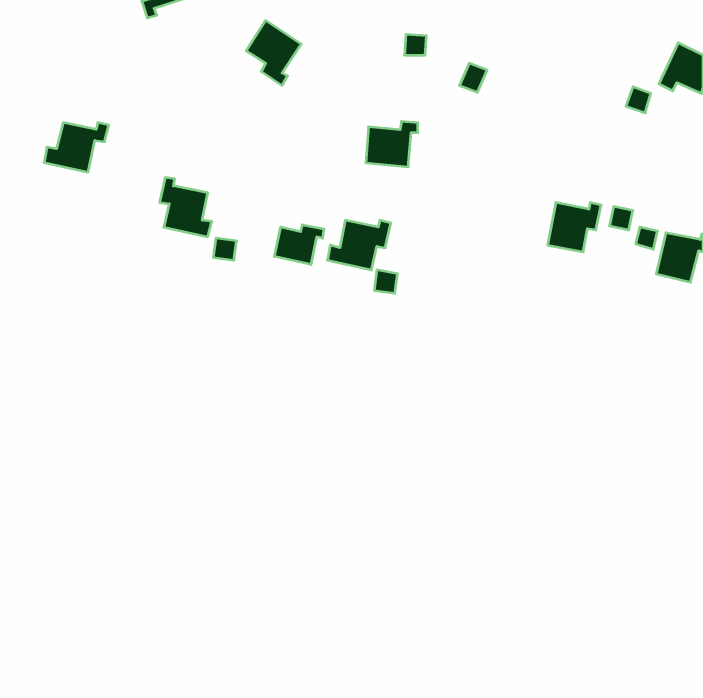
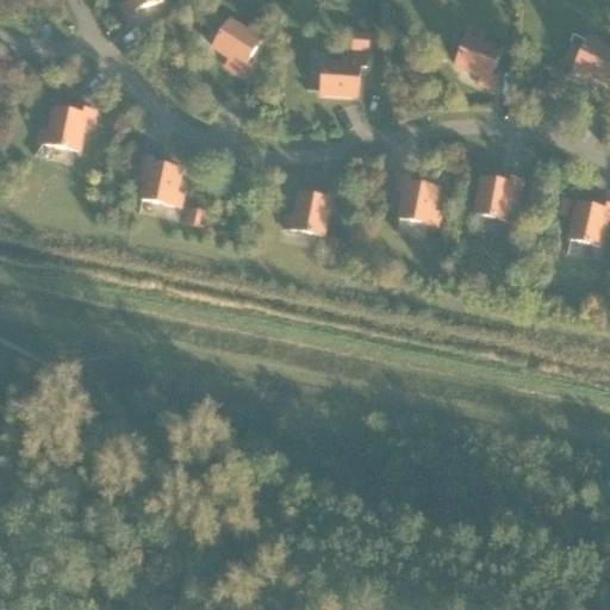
building: none -> [455,26,500,86]
building: [366,121,418,167] -> [320,55,366,94]
building: none -> [397,173,440,224]
building: [274,225,324,265] -> none

